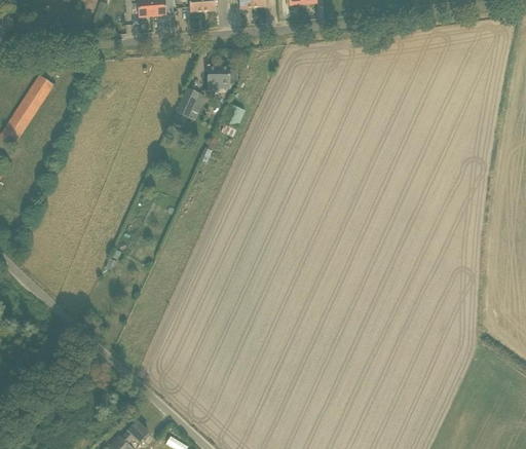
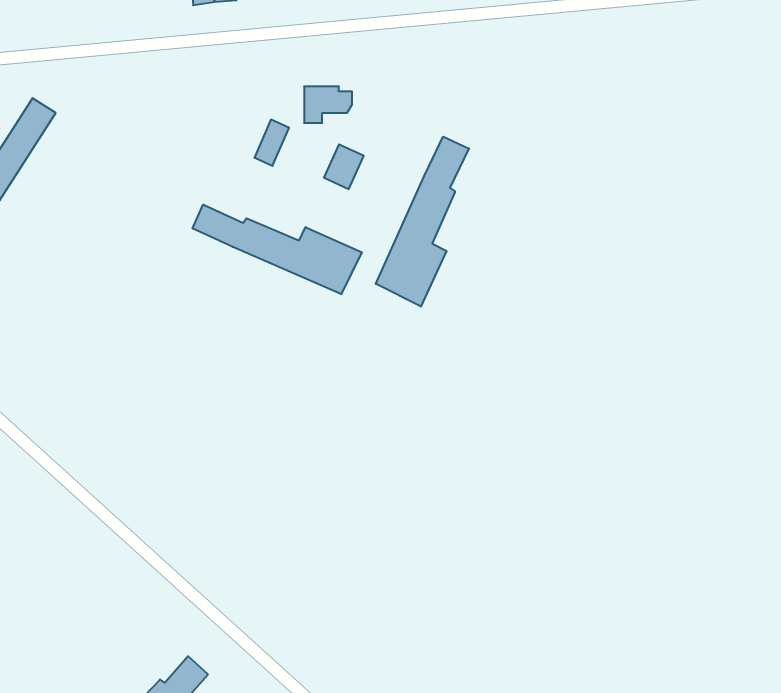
building: none -> [376,137,469,307]
building: none -> [193,205,362,294]

